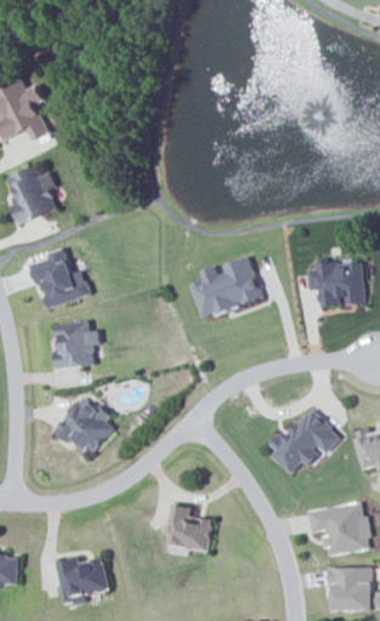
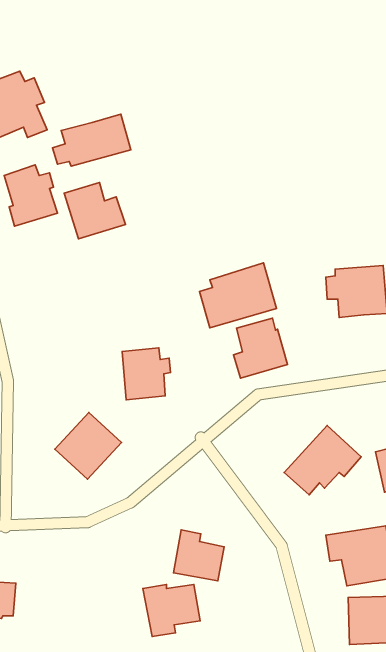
building: none -> [53,114,131,166]
building: [33,256,90,308] -> [64,183,125,239]
building: none -> [233,318,287,378]
building: [53,320,98,369] -> [122,348,170,400]
building: [56,558,109,606] -> [143,584,200,637]

